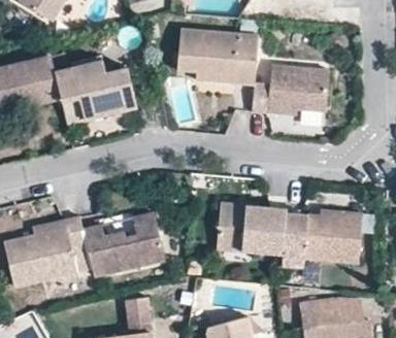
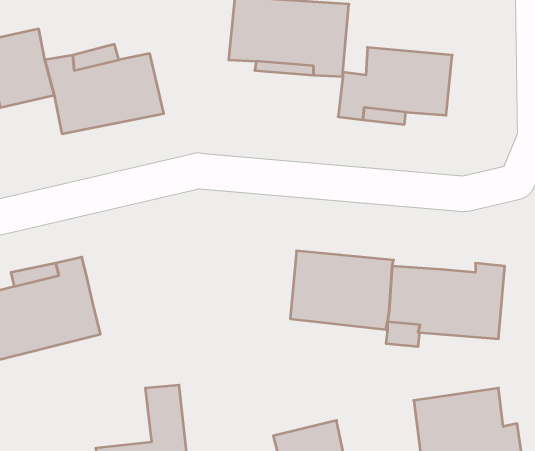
building: [81,204,161,266] -> none

